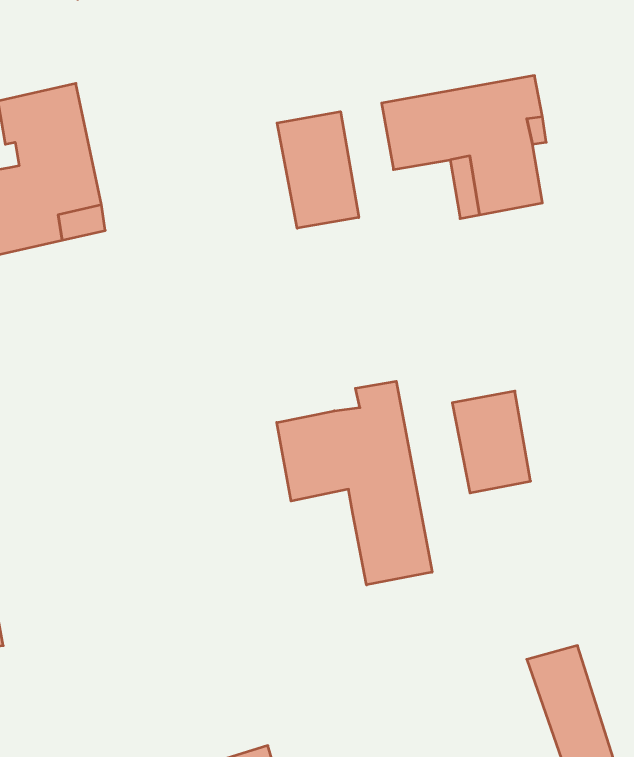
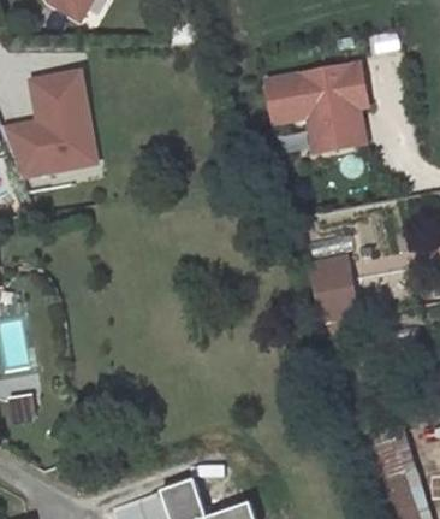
building: [277,112,359,228] -> none
building: [277,381,432,585] -> none

